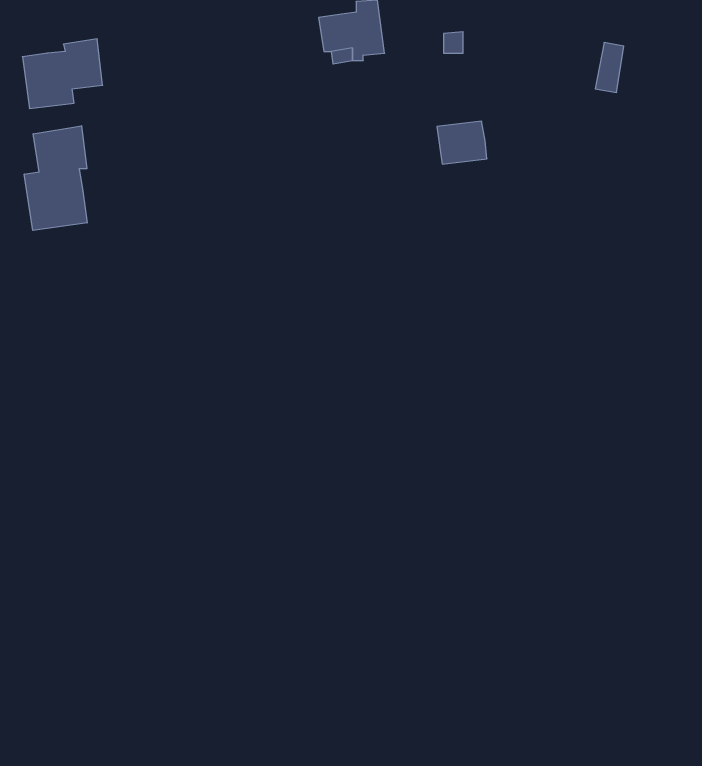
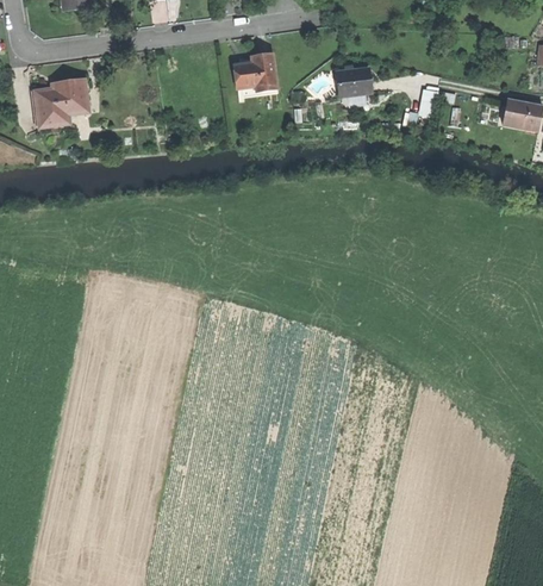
building: [437,121,487,164] -> [336,67,369,95]
building: [24,126,87,230] -> none

